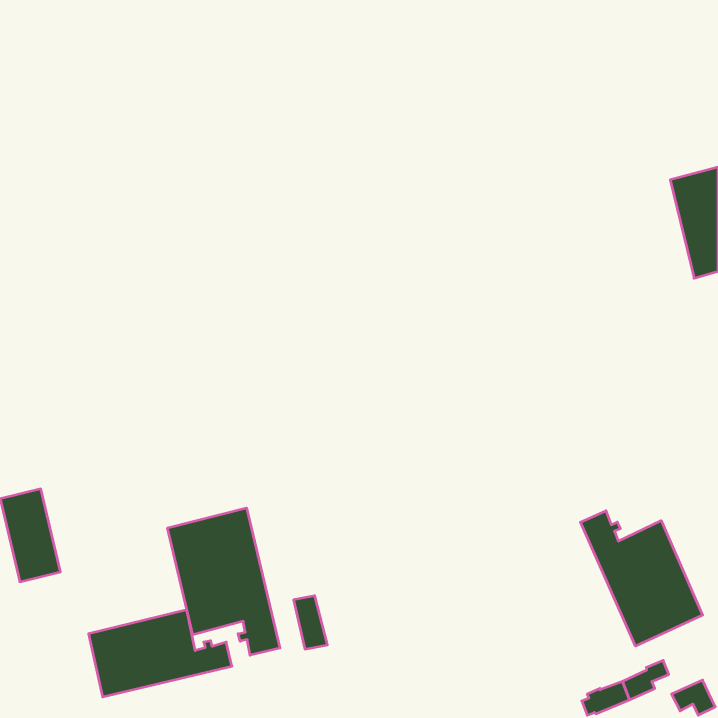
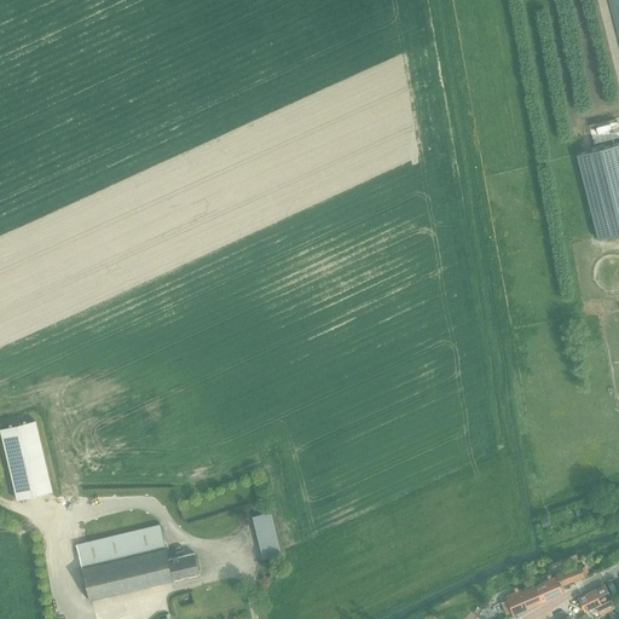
building: [168,508,280,655] -> none
building: [580,511,703,646] -> none

